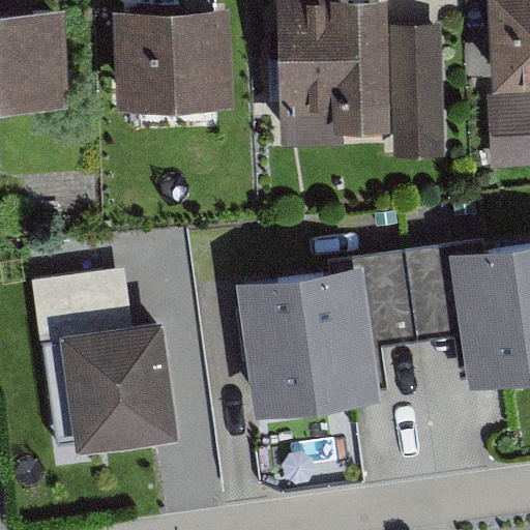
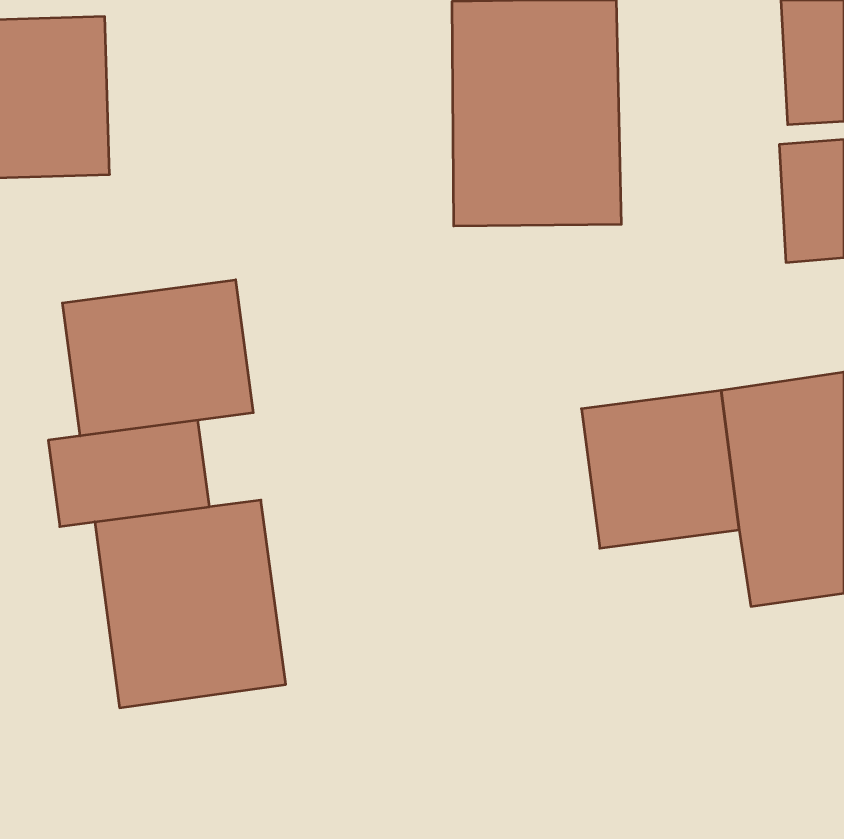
building: [118,18,232,112] -> none
building: [395,23,443,158] -> none
building: none -> [62,280,253,436]
building: [235,261,380,413] -> none

